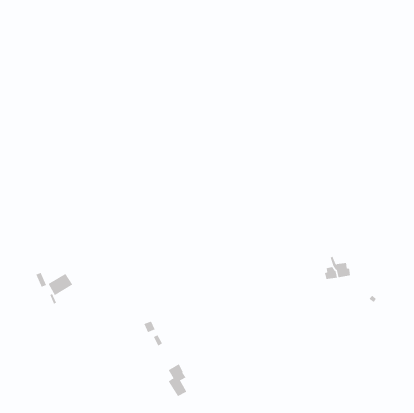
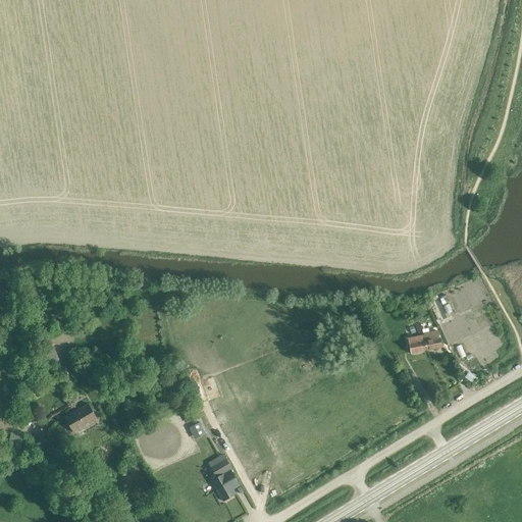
building: [48,273,73,296] -> [65,404,97,432]

